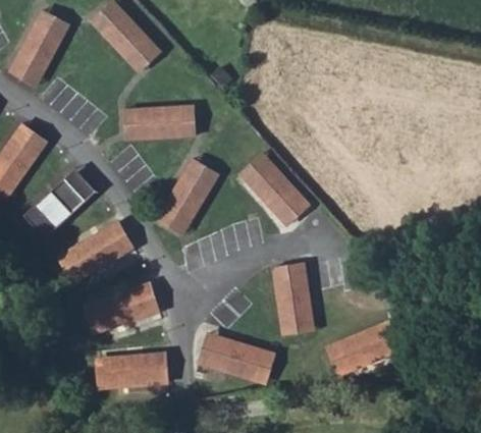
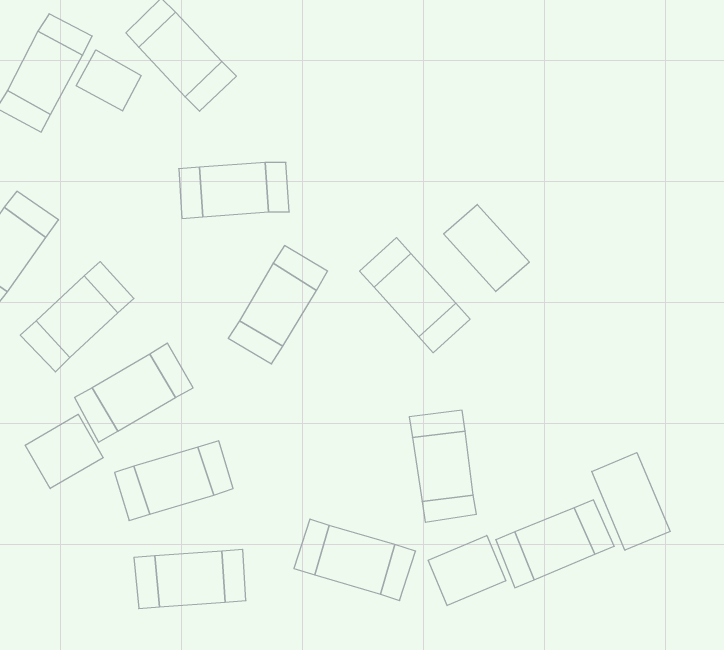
building: none -> [76,50,141,111]
building: none -> [444,204,529,292]
building: none -> [25,414,103,489]
building: none -> [592,453,670,550]
building: none -> [428,535,506,606]

